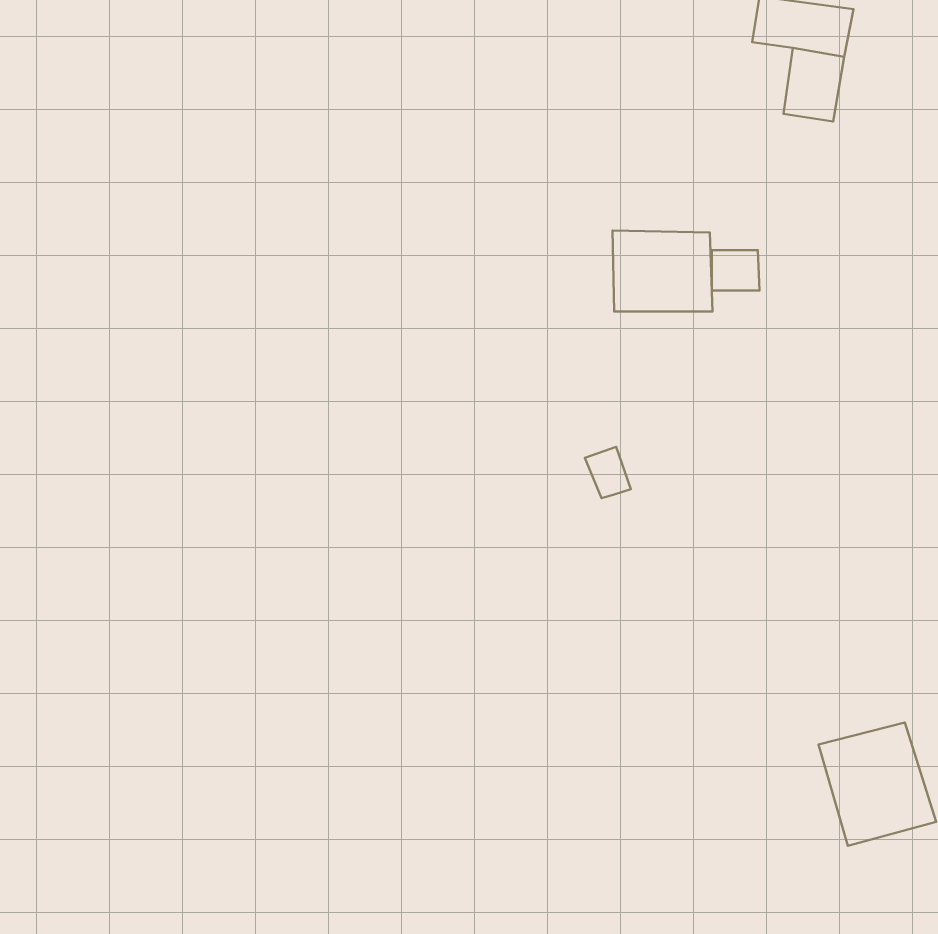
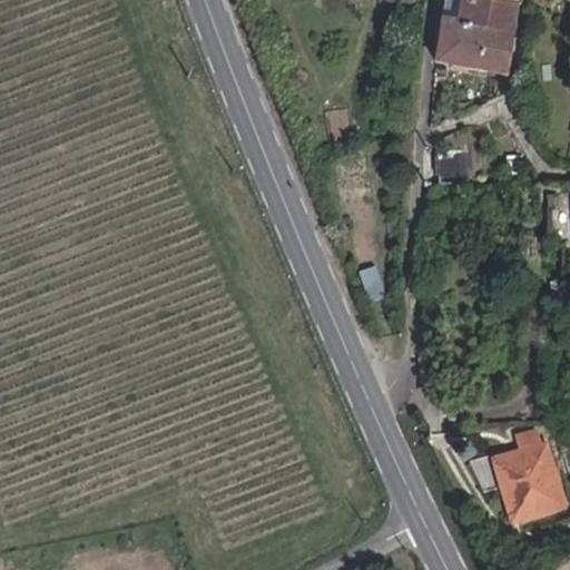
building: none -> [434,23,481,69]
building: [613,230,713,312] -> none

